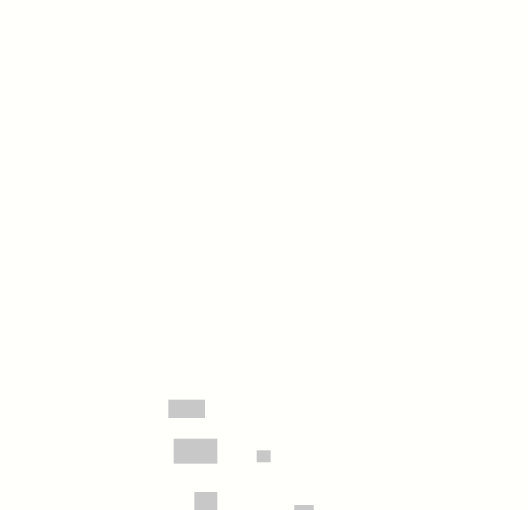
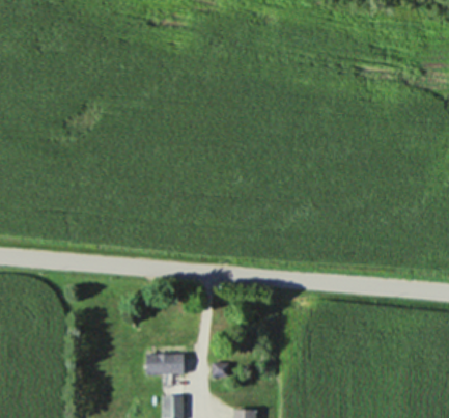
building: [168,399,206,419] -> none

